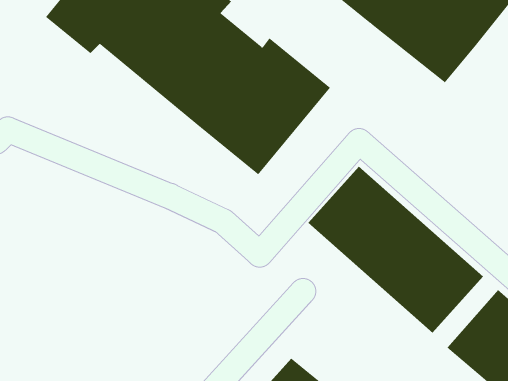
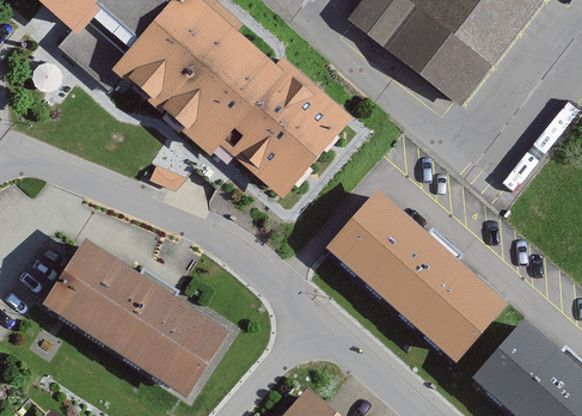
building: none -> [42,239,228,397]

